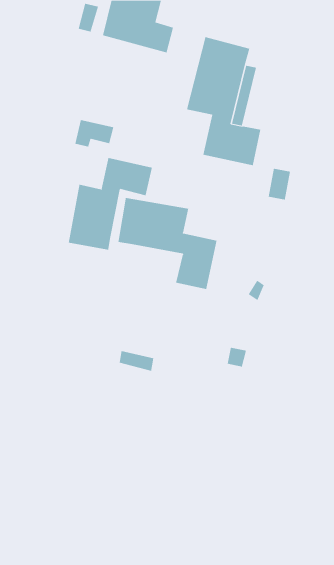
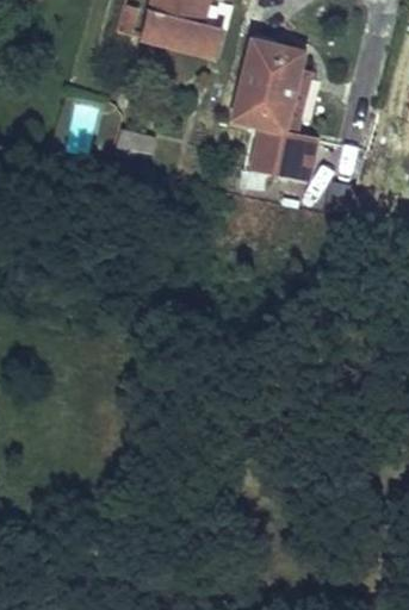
building: [68,157,153,251] -> none
building: [118,197,217,290] -> none

